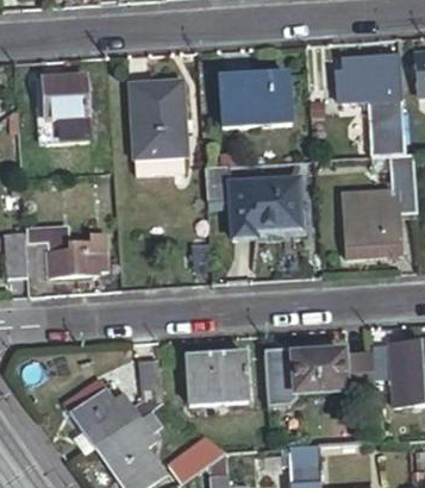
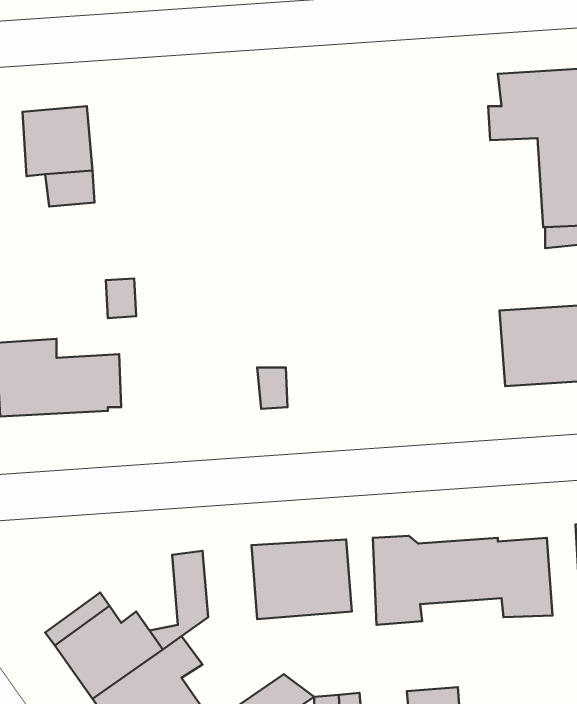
building: [219,76,292,131] -> none
building: [127,83,182,170] -> none
building: [204,164,298,237] -> none

